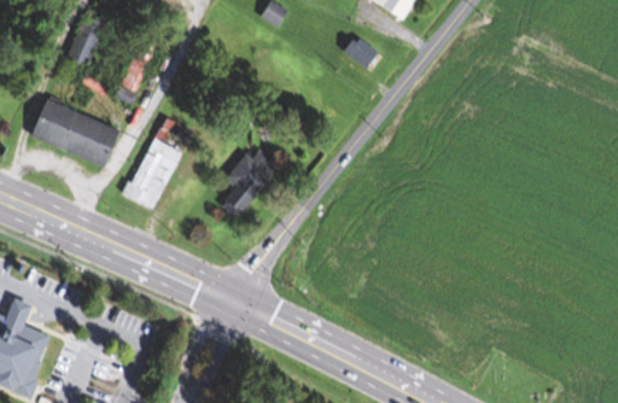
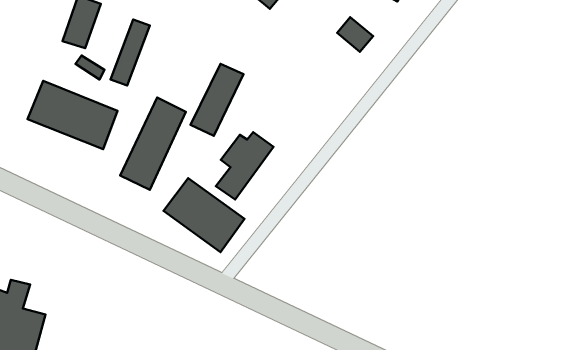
building: none -> [191,64,243,136]
building: none -> [164,178,245,252]

